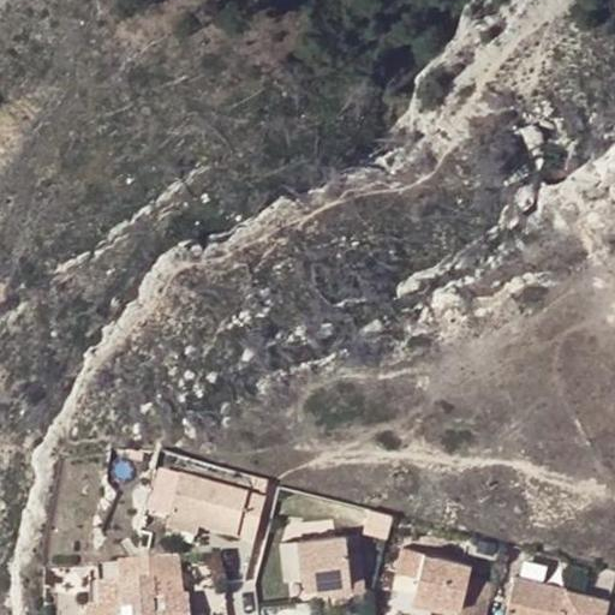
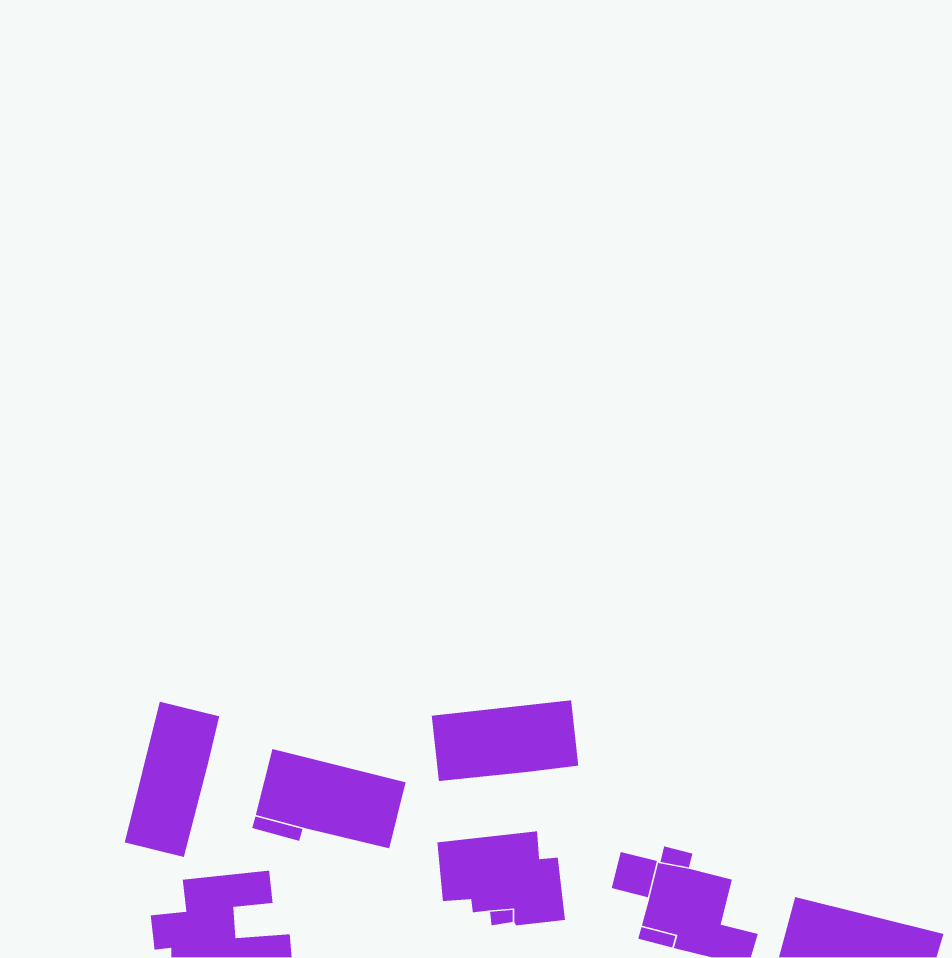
building: none -> [431,700,579,782]
building: none -> [124,701,220,858]

